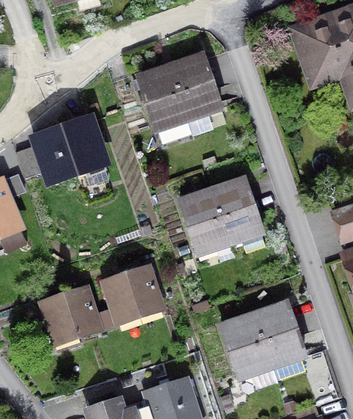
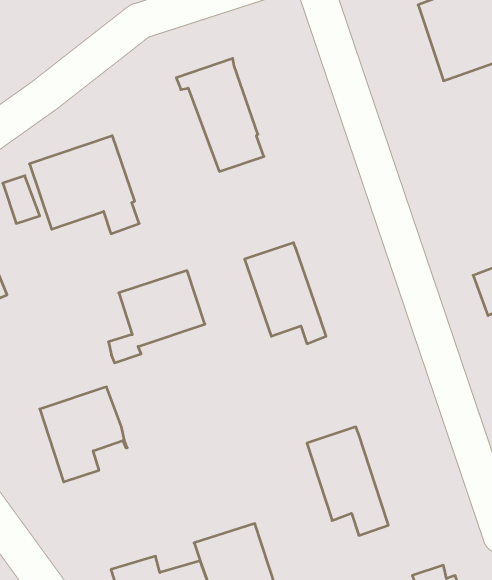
building: [171,54,226,131] -> none
building: [212,178,274,251] -> none
building: [96,265,161,327] -> [108,271,205,363]
building: [254,302,304,364] -> none

